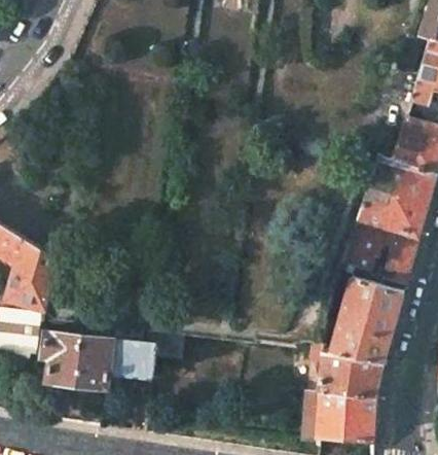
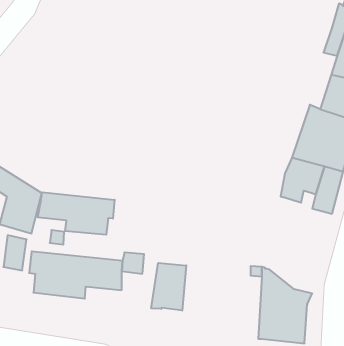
building: none -> [38,192,115,235]
building: [330,280,402,383] -> none
building: none -> [151,263,186,311]

